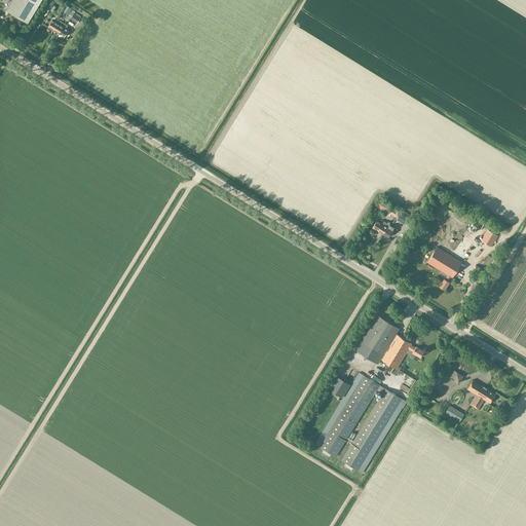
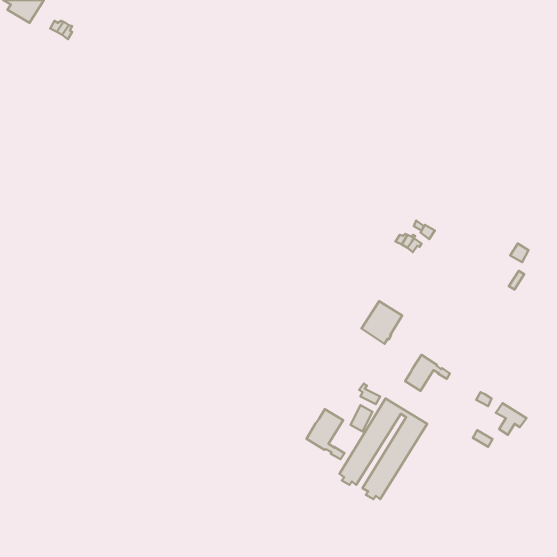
building: [428,248,462,291] -> none
building: [362,315,400,355] -> [362,301,402,344]
building: none -> [306,409,344,459]

